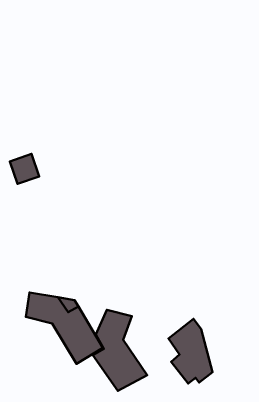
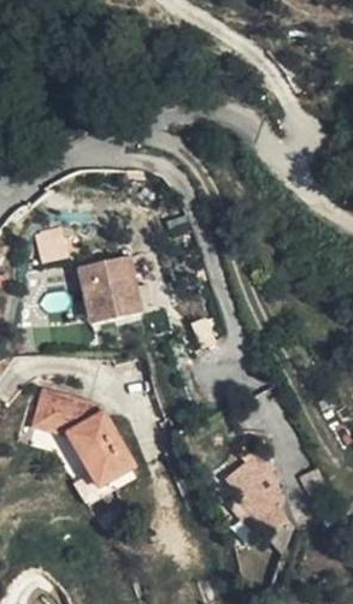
building: none -> [80,262,146,332]
building: [93,310,147,391] -> none

